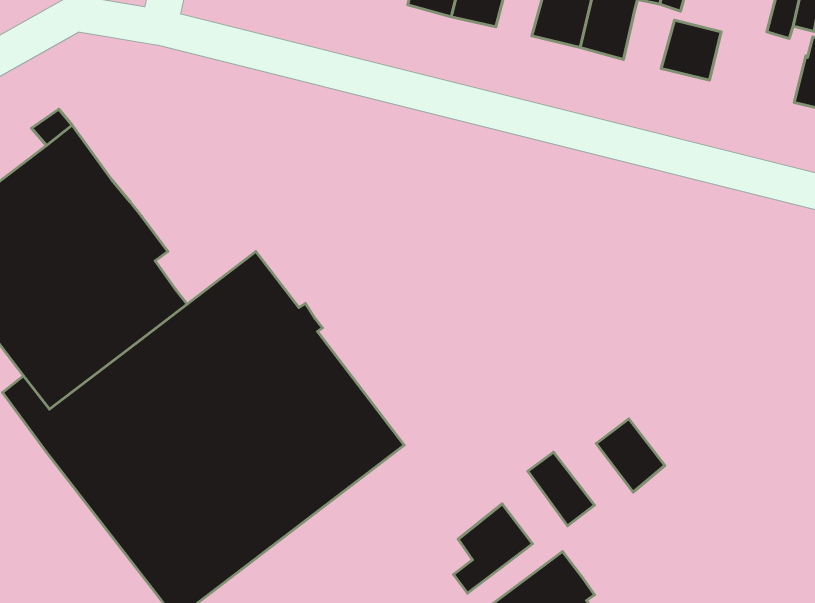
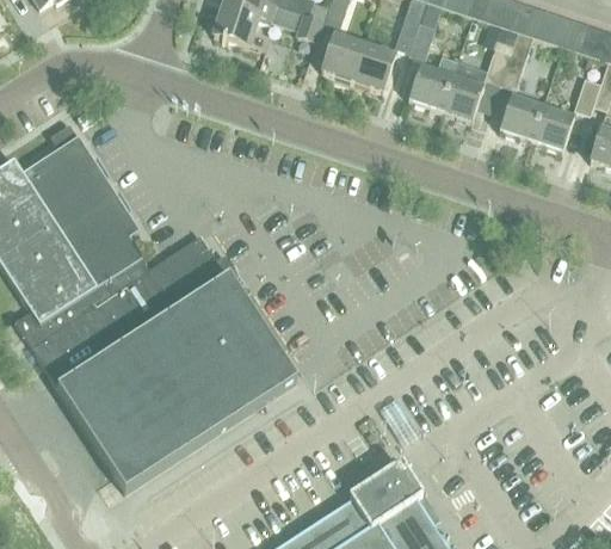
building: none -> [531,105,574,149]
building: [596,419,665,492] -> none
building: [453,504,533,593] -> none

